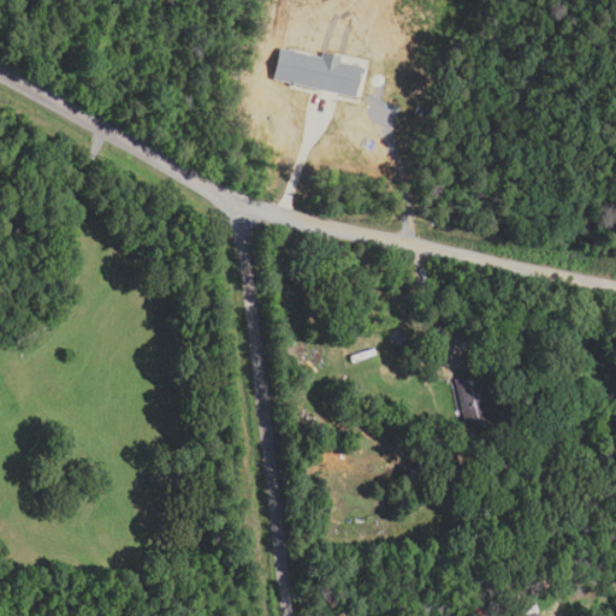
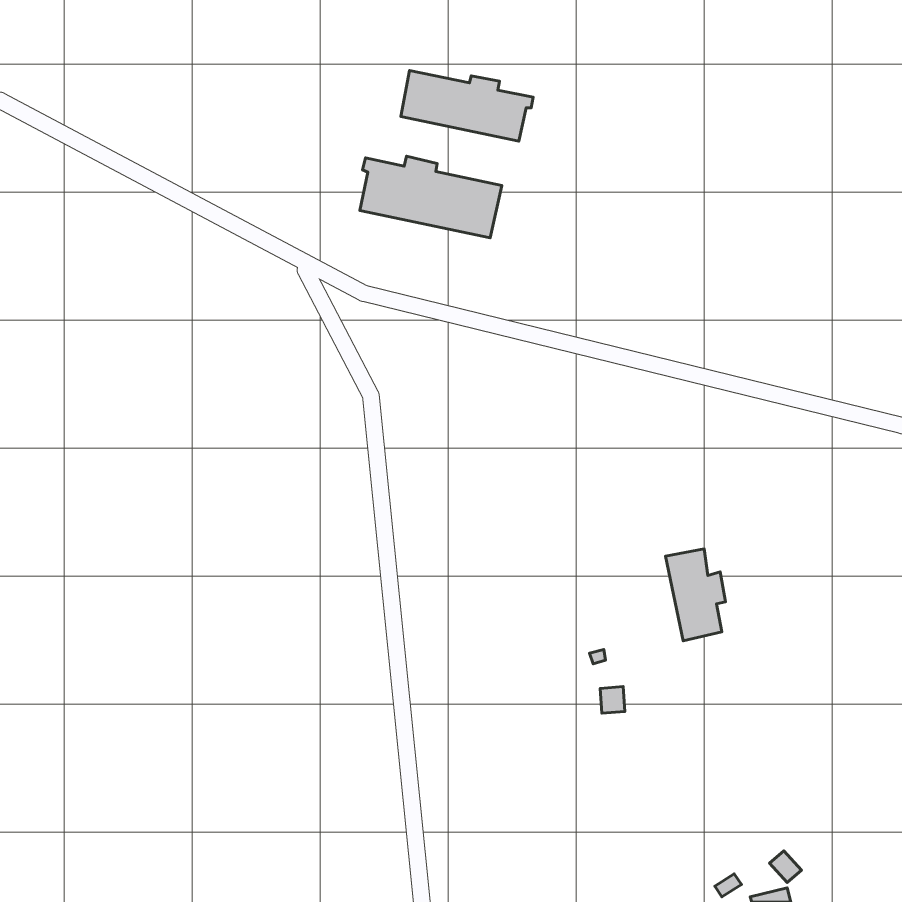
building: none -> [360,156,502,238]

